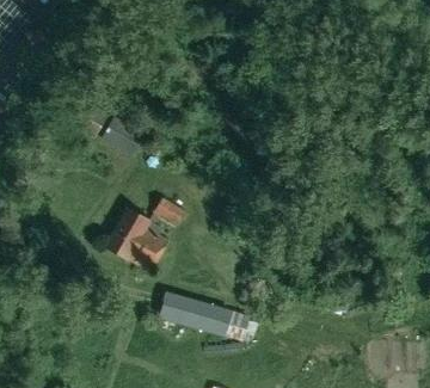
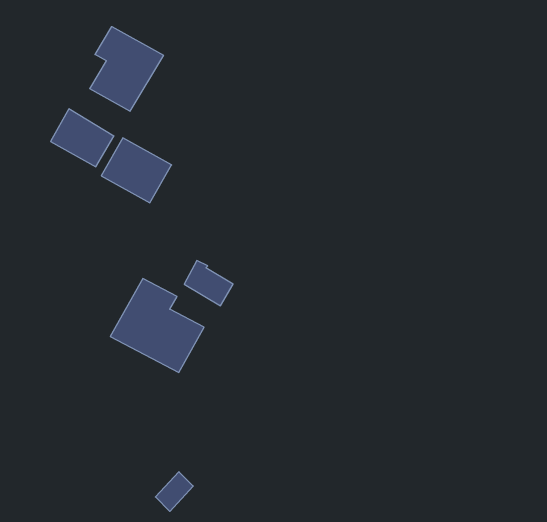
building: none -> [90,27,163,111]
building: [160,294,250,339] -> none

